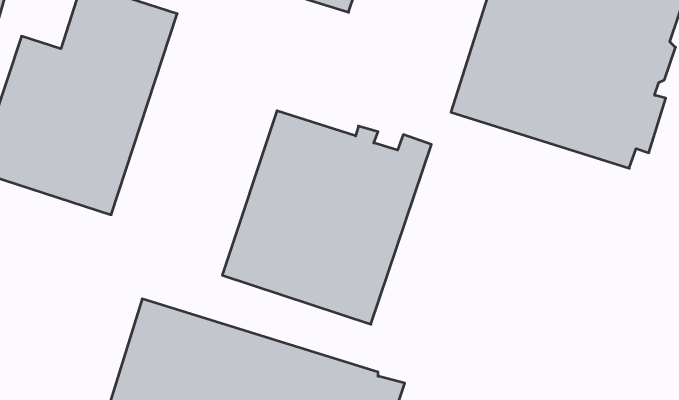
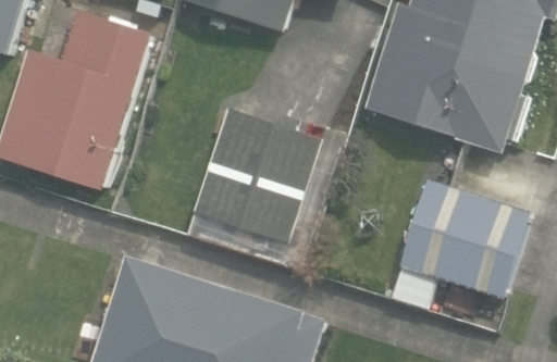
building: none -> [397,182,530,299]

